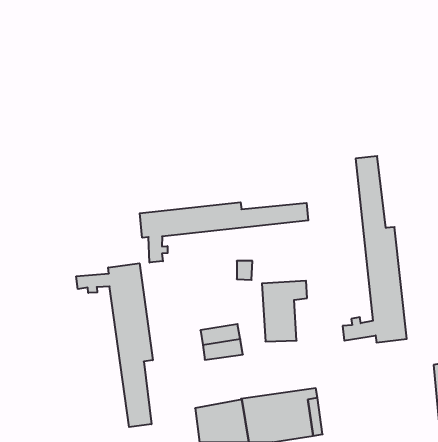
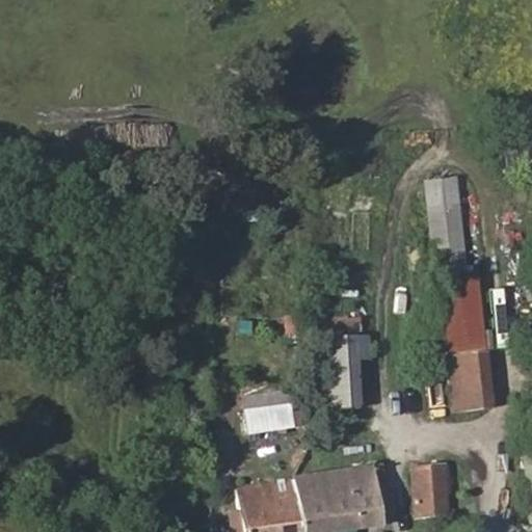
building: [140,202,308,263] -> none
building: [76,263,153,427] -> none
building: none -> [416,463,453,516]

